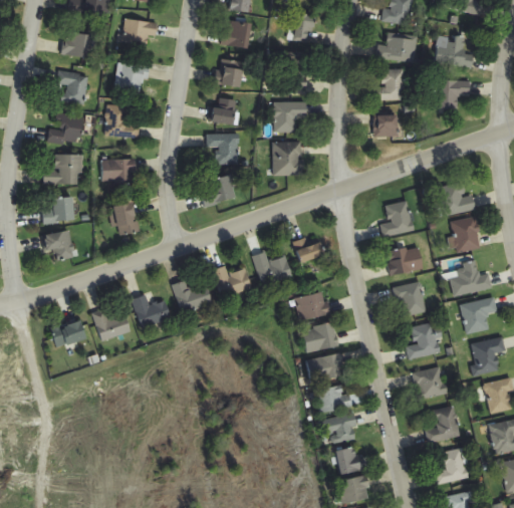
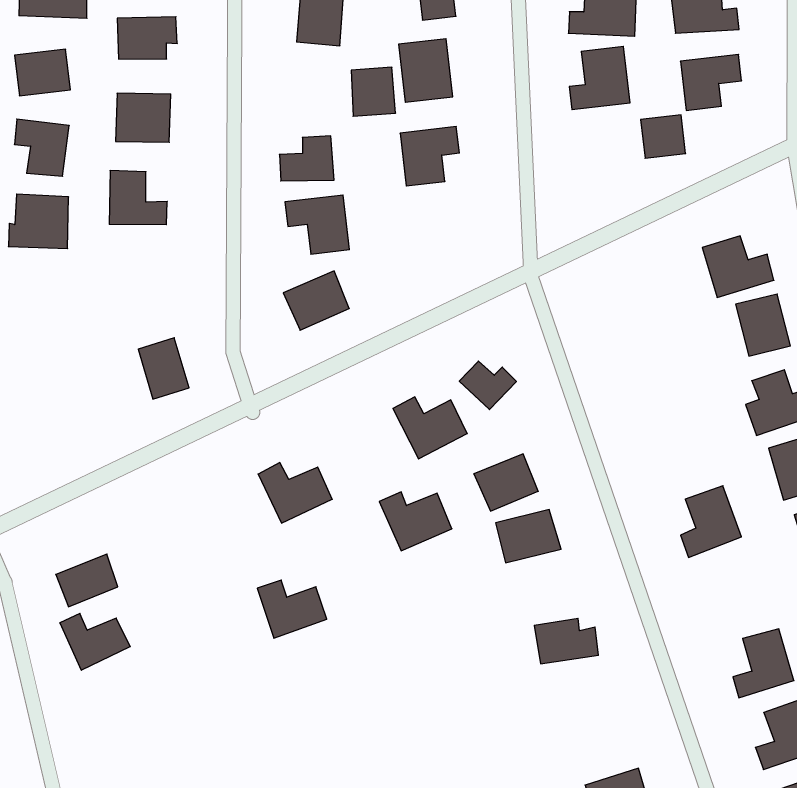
building: [217,59,242,86] -> [351,67,396,116]
building: [372,114,396,137] -> [641,115,686,158]
building: [273,142,301,175] -> none
building: [43,155,81,184] -> none
building: [101,160,134,182] -> none
building: [42,197,72,223] -> none
building: [378,201,413,238] -> none
building: [40,231,74,261] -> none
building: [386,246,423,275] -> none
building: [212,266,251,299] -> [379,492,452,551]
building: [393,282,426,315] -> none
building: [133,295,170,327] -> [257,580,327,638]
building: [92,309,131,341] -> [60,613,130,670]
building: [306,353,344,383] -> none
building: [412,367,446,400] -> none
building: [319,414,358,444] -> none
building: [335,447,364,475] -> none

